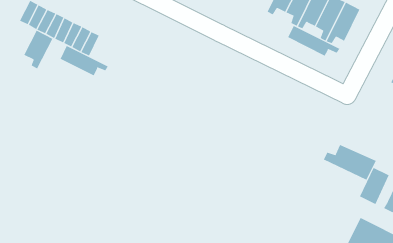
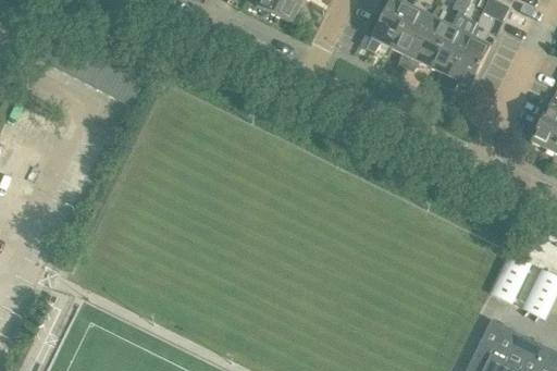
building: [287,25,340,57] -> none
building: [24,30,53,70] -> none
building: [60,45,109,76] -> none
building: [323,144,377,180] -> none

